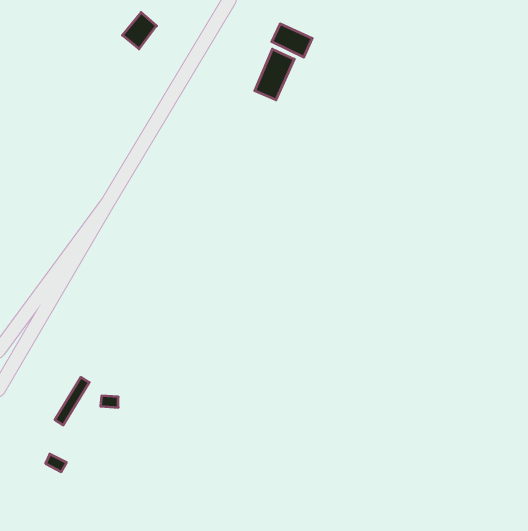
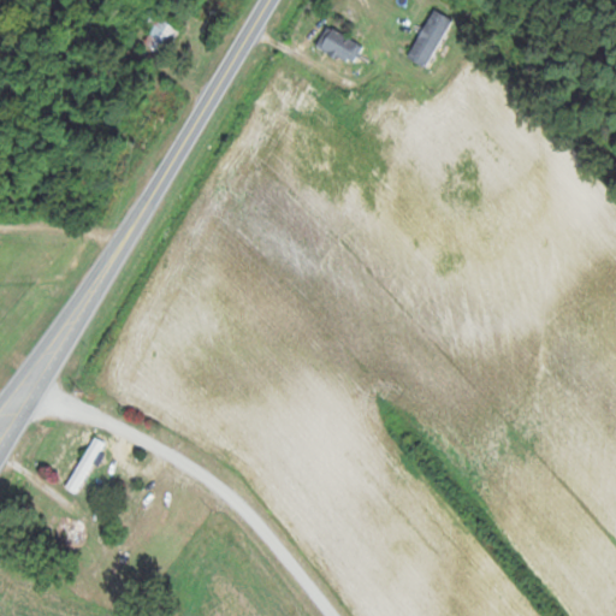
building: none -> [408,19,448,67]
building: [255,49,294,100] -> none

